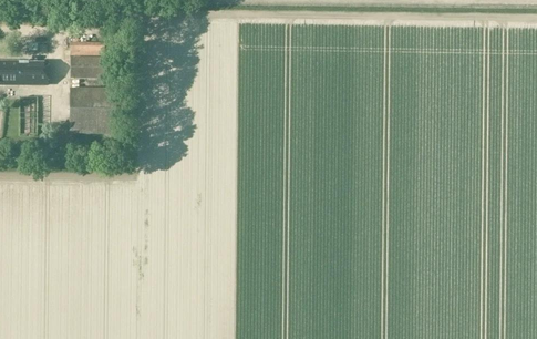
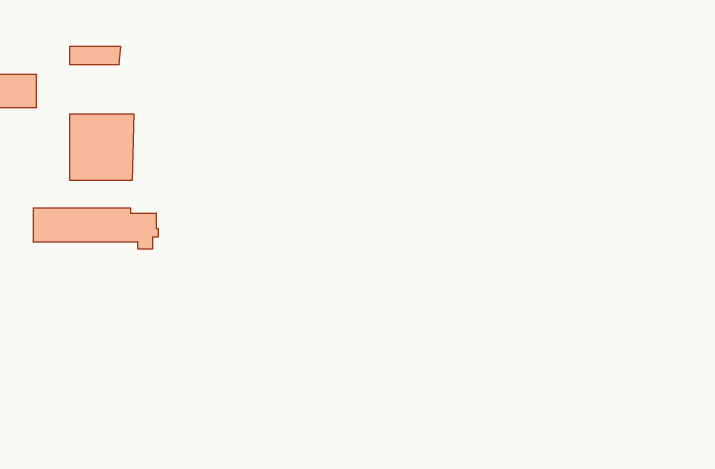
building: [70,58,113,78] -> none
building: none -> [33,208,158,249]

